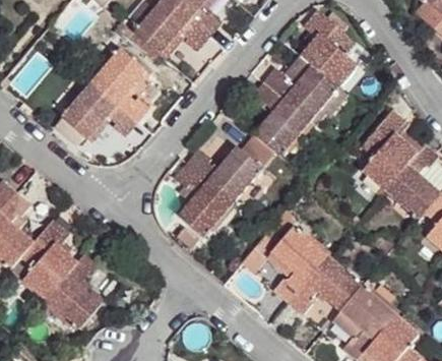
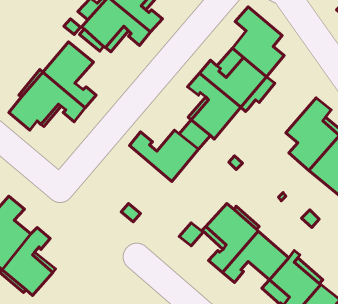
building: [174,163,233,237] -> none

